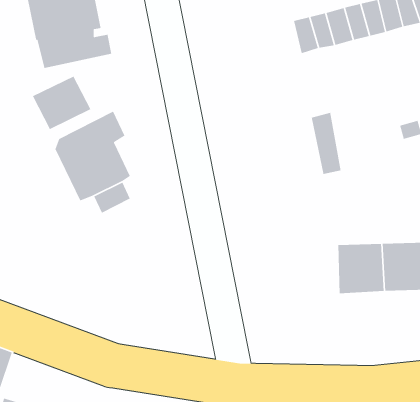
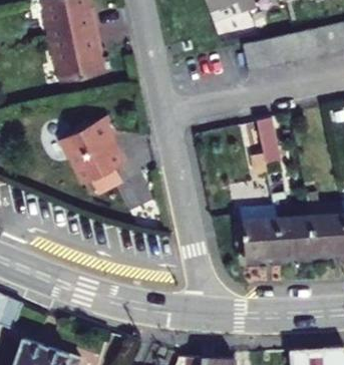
building: [32,75,92,130] -> none
building: none -> [243,217,276,256]

